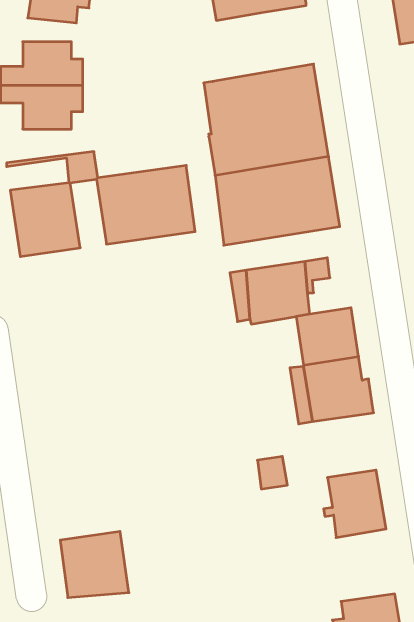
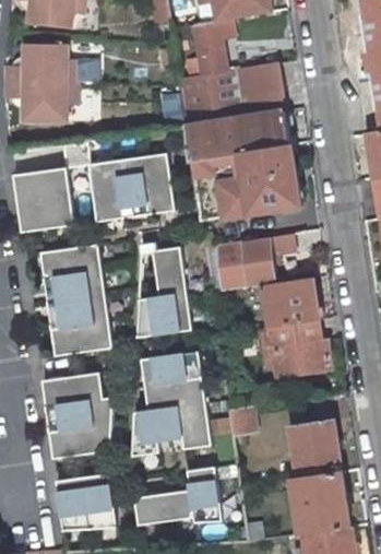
building: none -> [186,19,233,79]
building: none -> [136,241,191,337]
building: none -> [39,244,111,355]
building: none -> [132,351,211,456]
building: none -> [41,372,112,458]
building: none -> [133,465,222,524]
building: none -> [291,470,348,534]

